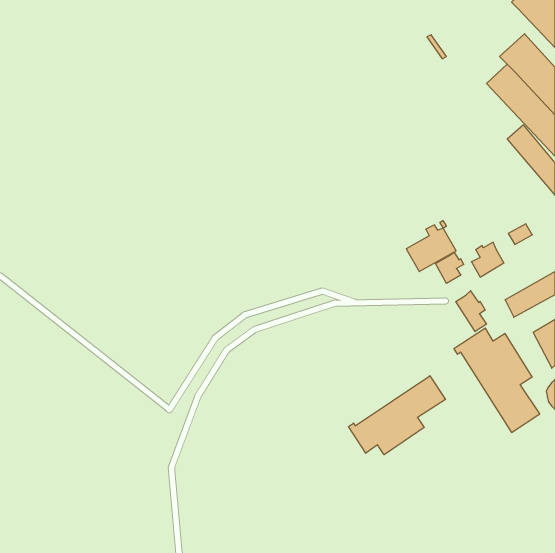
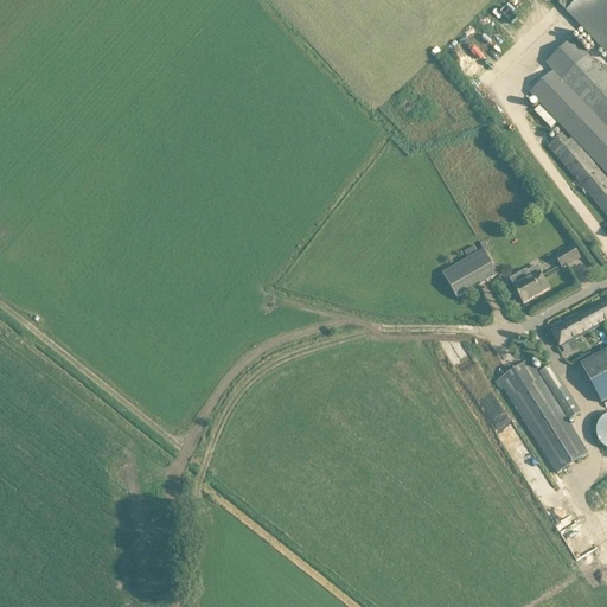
building: [436,252,464,283] -> none
building: [456,291,487,332] -> none
building: [349,376,445,455] -> none

